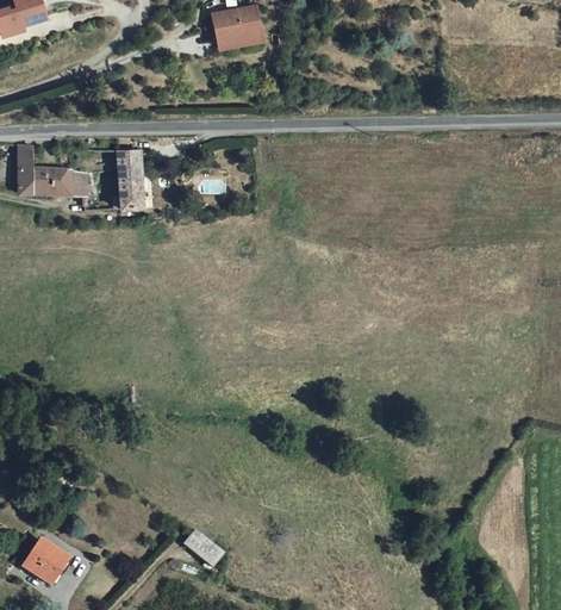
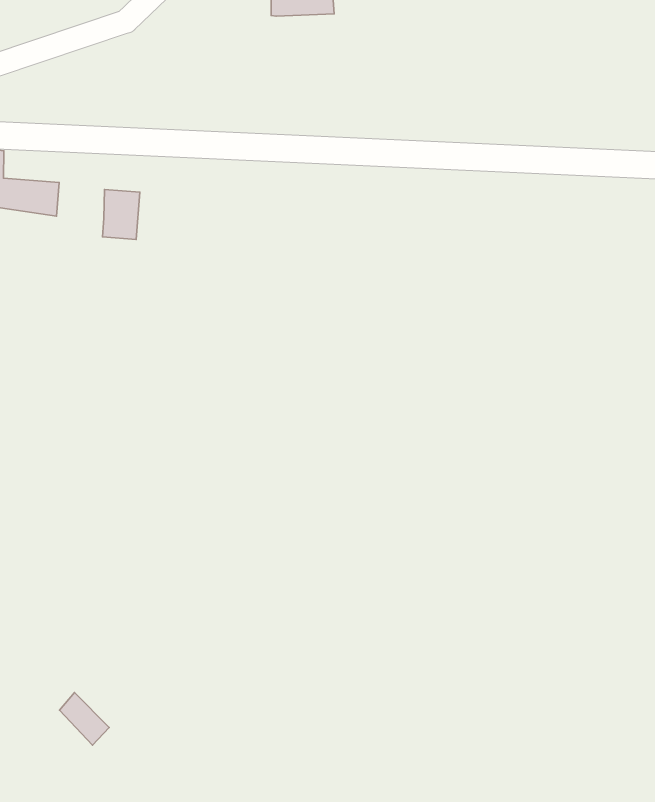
building: [116,150,141,173] -> none
building: [183,531,219,567] -> [59,693,109,745]

